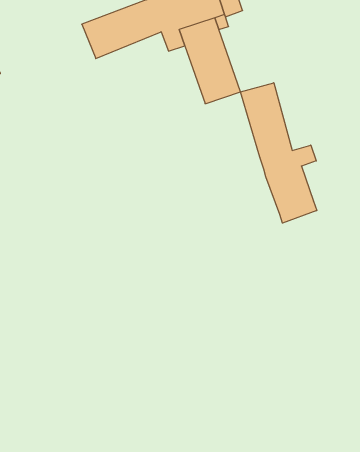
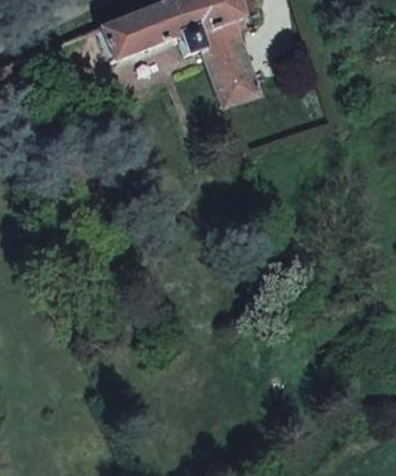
building: [240,83,317,223] -> none

